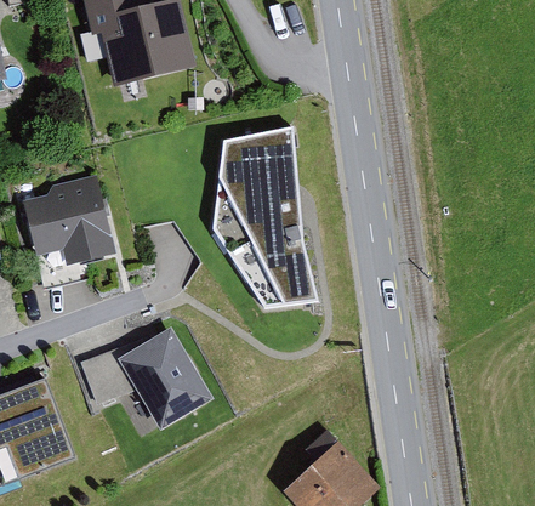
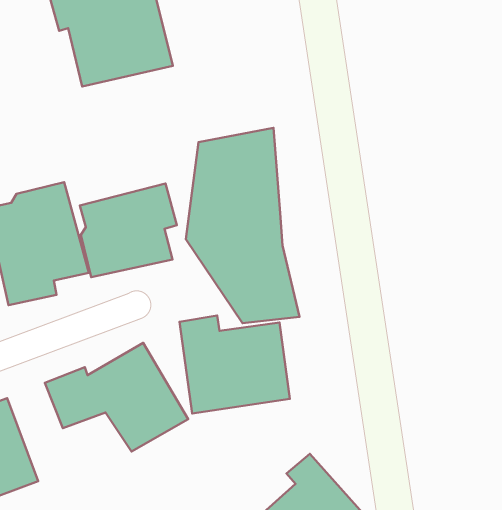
building: none -> [80,183,177,277]
building: none -> [180,316,290,413]

